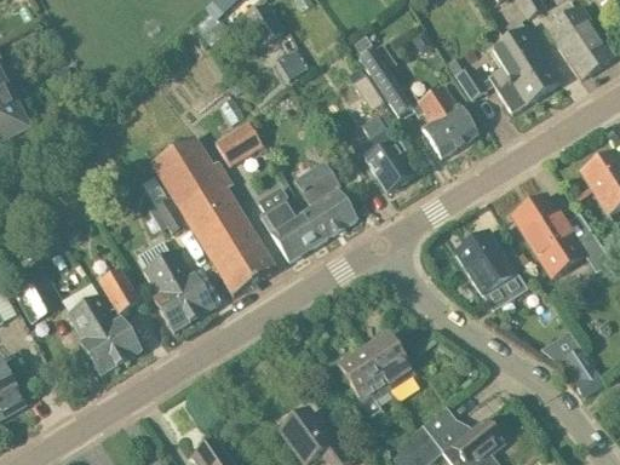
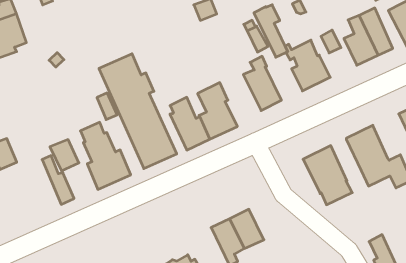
building: [214,121,262,165] -> none
building: [68,302,124,374] -> none

